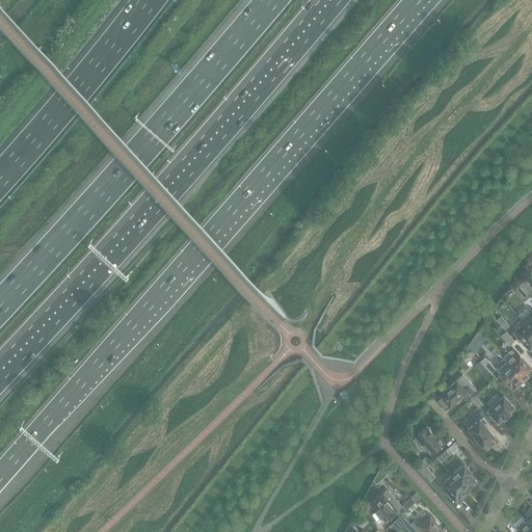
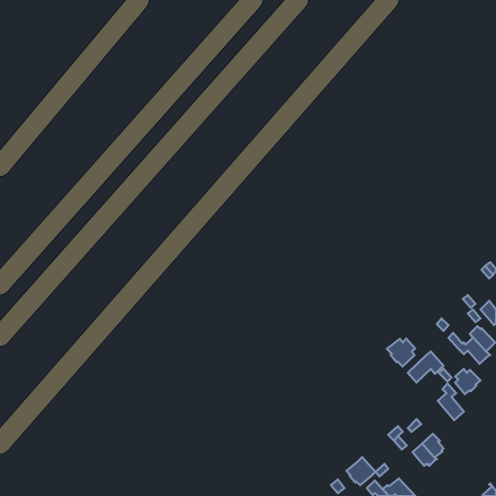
building: none -> [387,339,415,366]
building: [413,426,443,454] -> none

